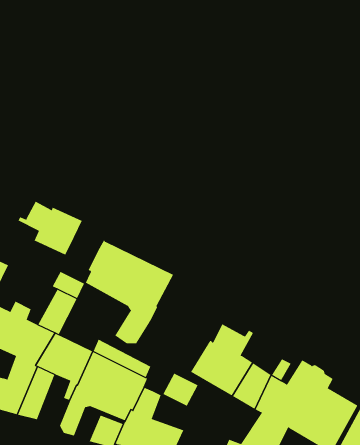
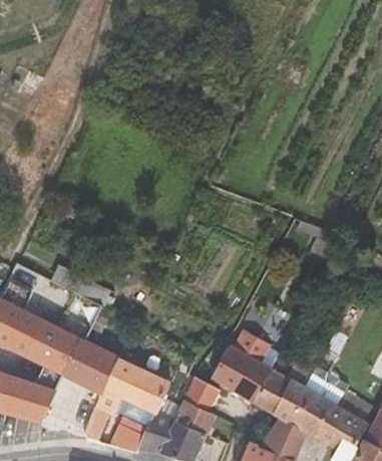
building: [18,201,82,256] -> none
building: [85,239,174,344] -> none
building: none -> [173,400,214,435]

